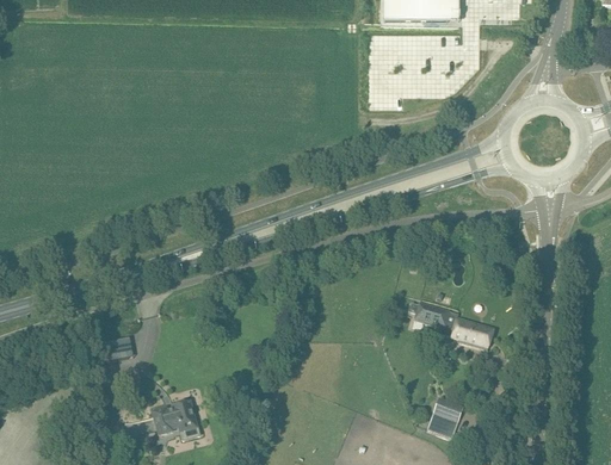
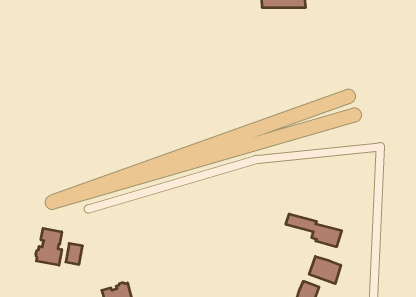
building: none -> [36,228,62,265]
building: none -> [309,256,341,284]

